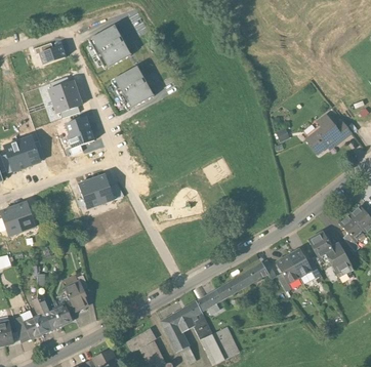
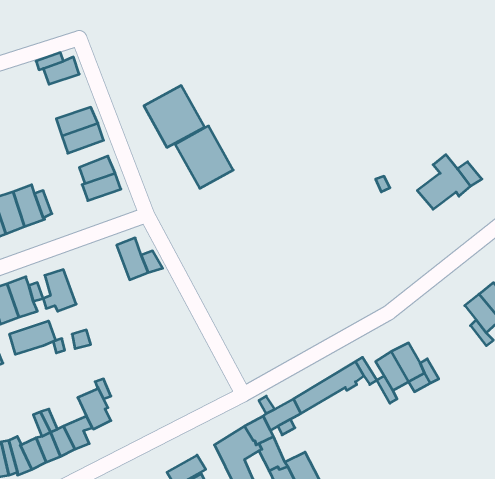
building: [88,24,131,69] -> none
building: none -> [175,126,233,188]
building: [77,178,100,208] -> [43,270,76,311]
building: [307,231,353,277] -> none
building: none -> [10,321,56,354]

